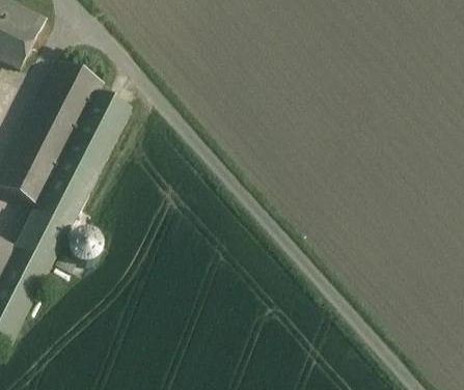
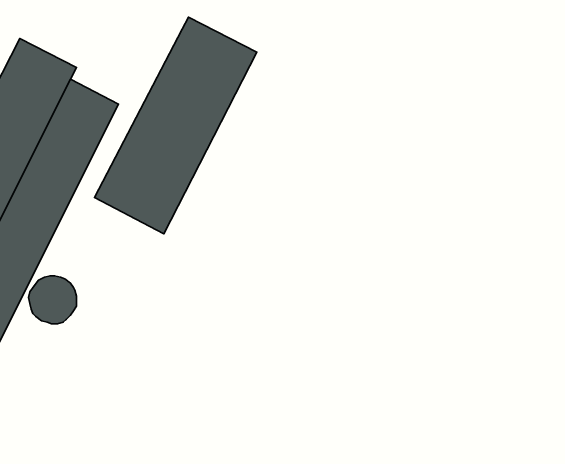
building: none -> [94,17,257,234]

